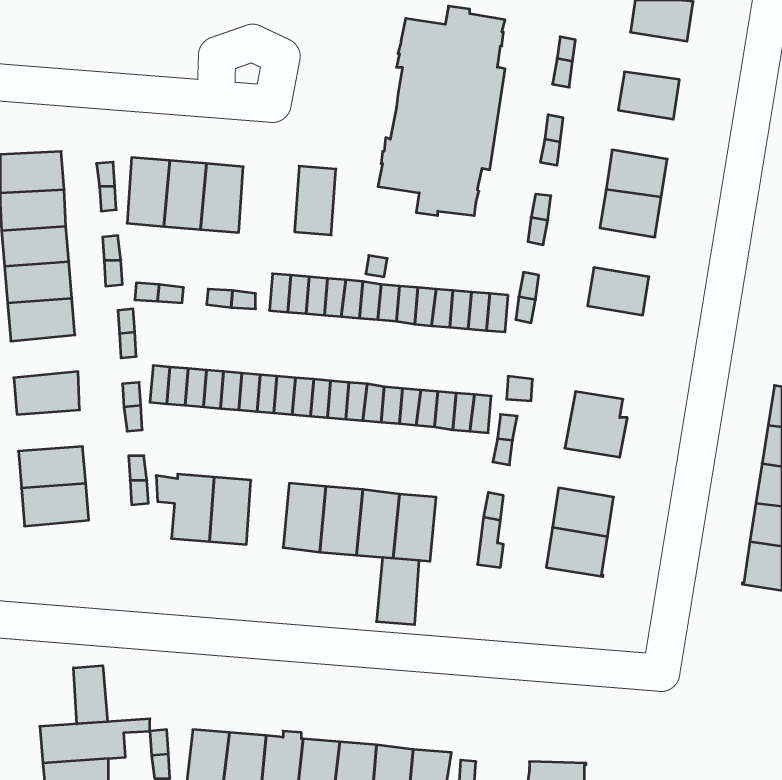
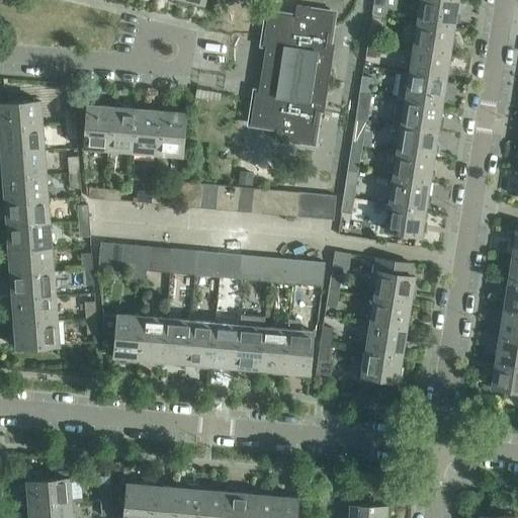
building: none -> [413,22,454,54]
building: none -> [396,73,445,106]
building: [295,166,336,235] -> [158,111,185,157]
building: none -> [393,152,433,184]
building: none -> [384,203,425,237]
building: none -> [7,223,52,251]
building: none -> [11,272,55,299]
building: none -> [369,297,410,330]
building: none -> [163,319,191,363]
building: [376,557,419,625] -> [284,330,313,374]
building: [74,666,107,724] -> none

